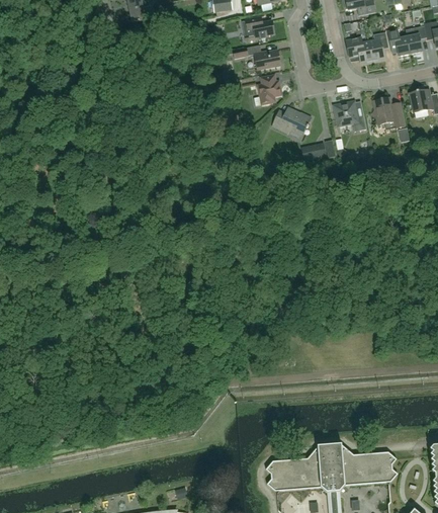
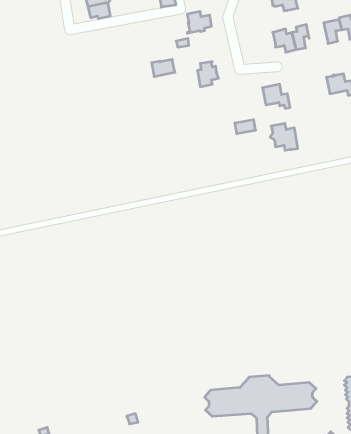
building: [387,29,411,56] -> none
building: [254,50,281,70] -> [152,59,175,77]
building: [372,97,405,129] -> [270,123,298,150]
building: [272,108,311,135] -> none

